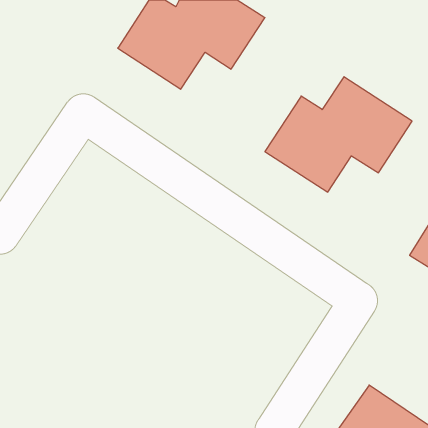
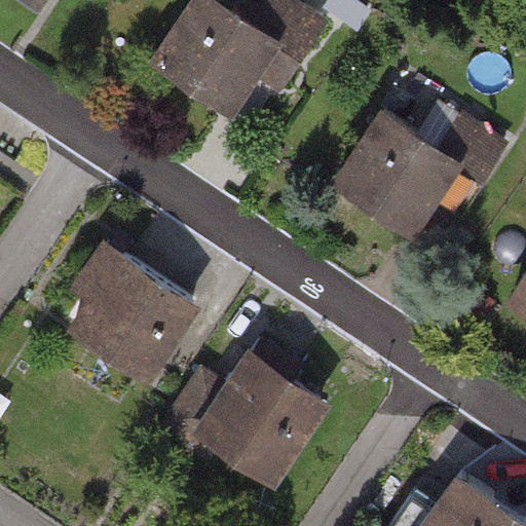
building: none -> [69,253,197,375]
building: none -> [203,355,333,485]

